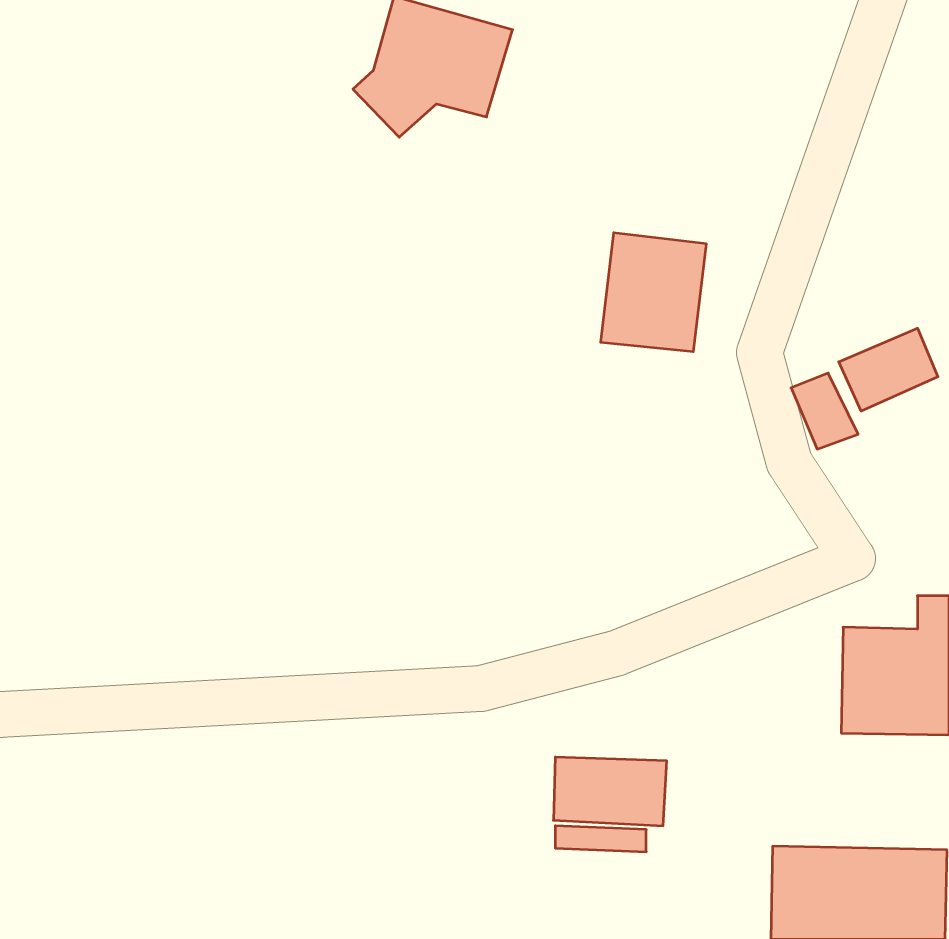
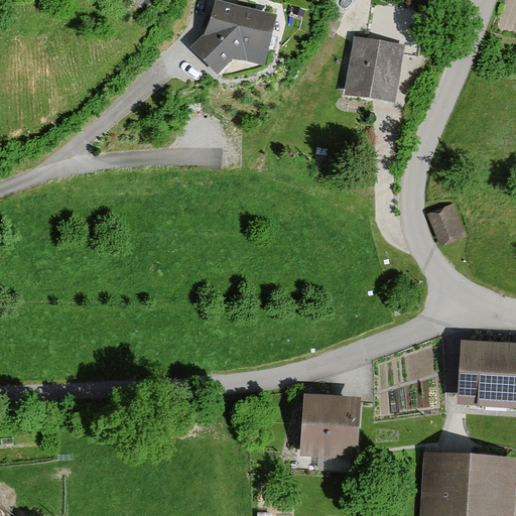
building: [601,233,706,352] -> [347,45,404,110]
building: [839,328,938,411] -> none
building: none -> [307,388,362,411]

